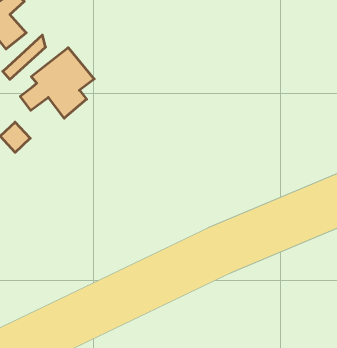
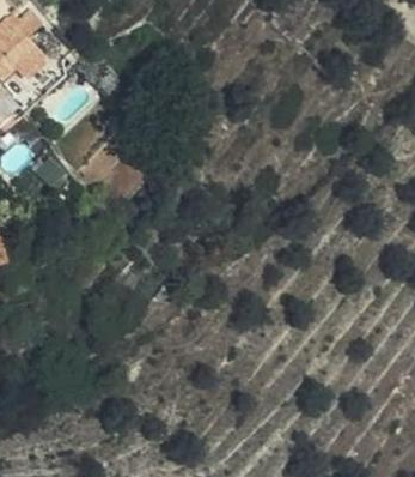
building: [20,48,94,118] -> none

